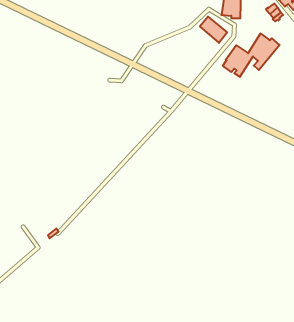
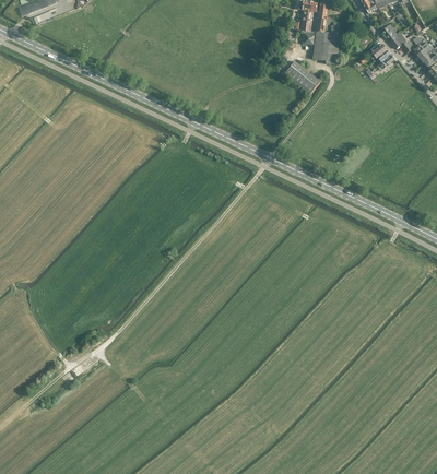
building: [223,33,280,77] -> none

